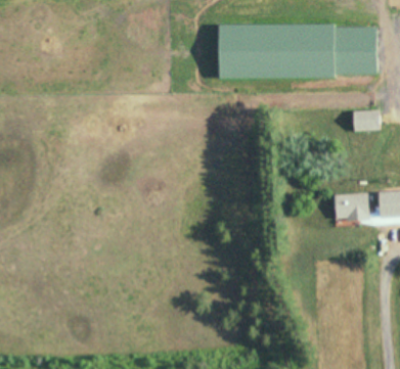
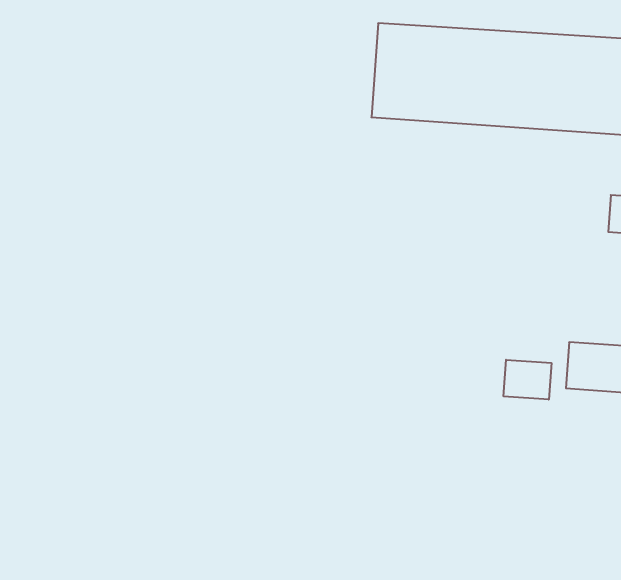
building: none -> [504,360,551,400]

